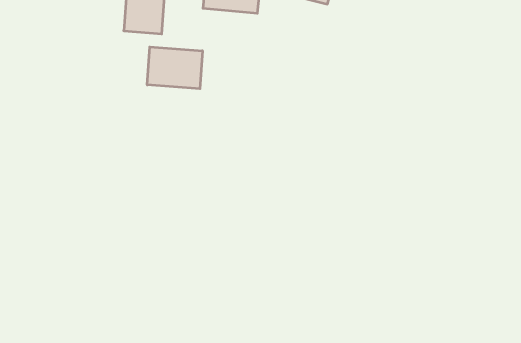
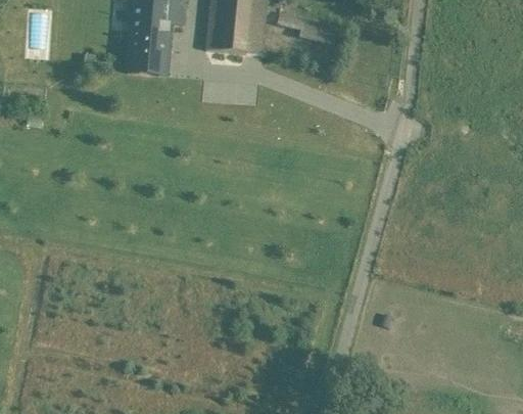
building: [147,47,202,89] -> none

